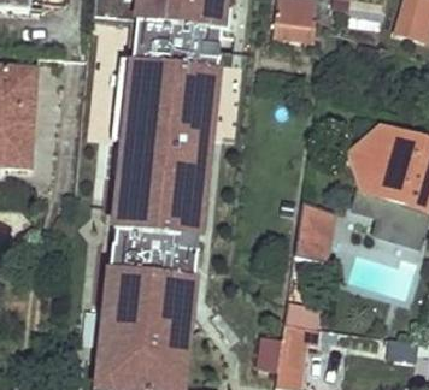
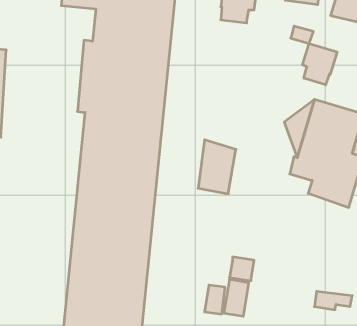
building: none -> [303,43,337,85]
building: [294,202,336,262] -> [198,140,236,194]

